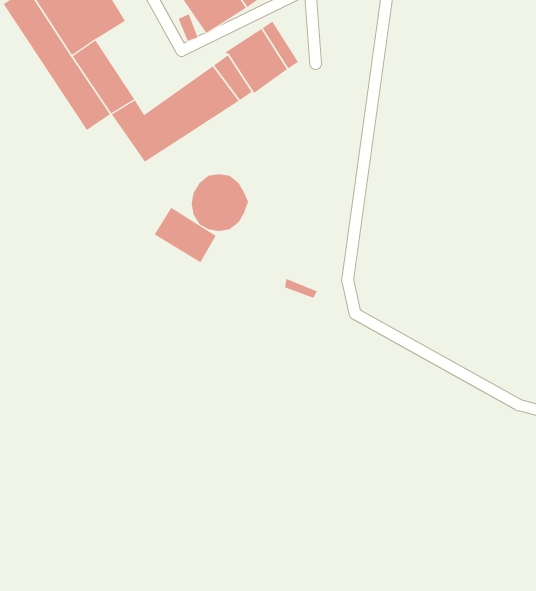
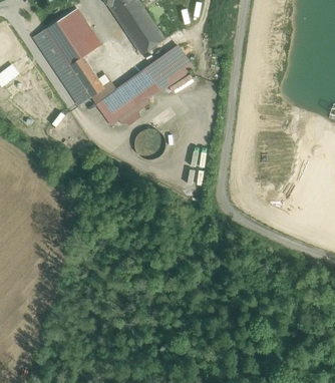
building: [154,207,216,263] -> none

